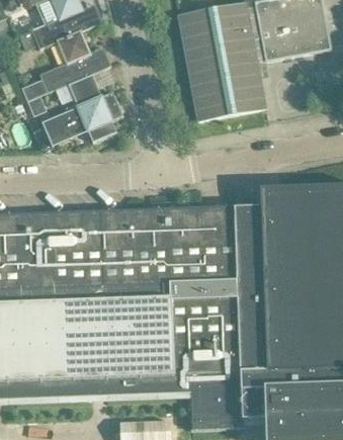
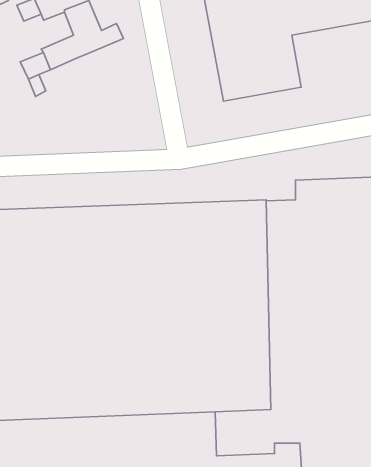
building: [40,73,122,145] -> none

